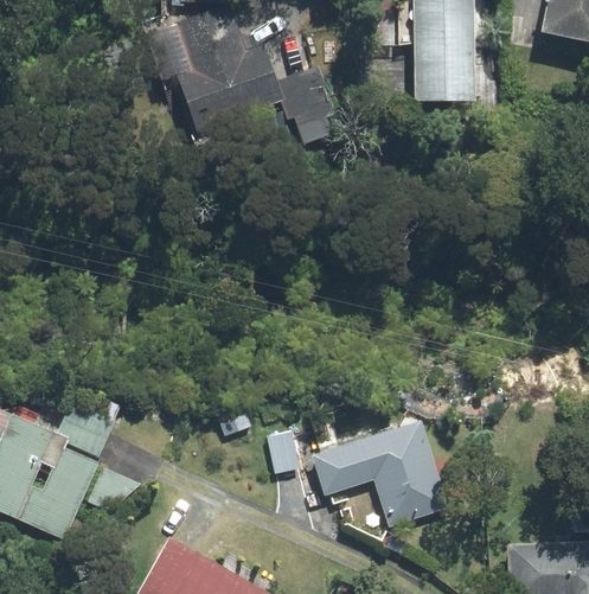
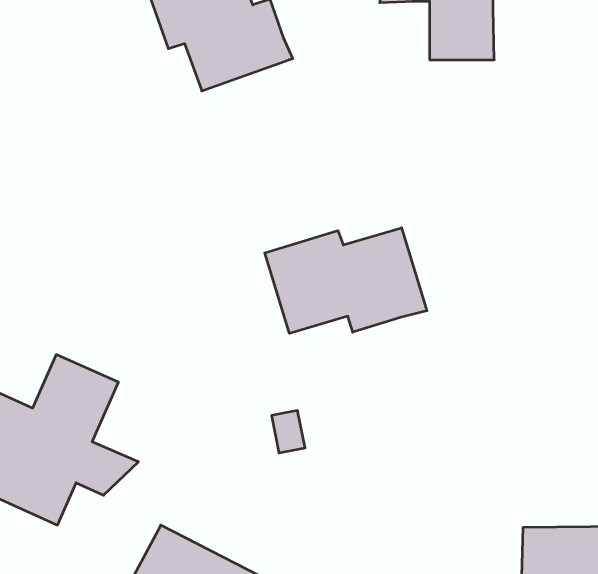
building: [279,64,339,142] -> none
building: none -> [265,228,427,333]
building: [308,426,438,526] -> none

